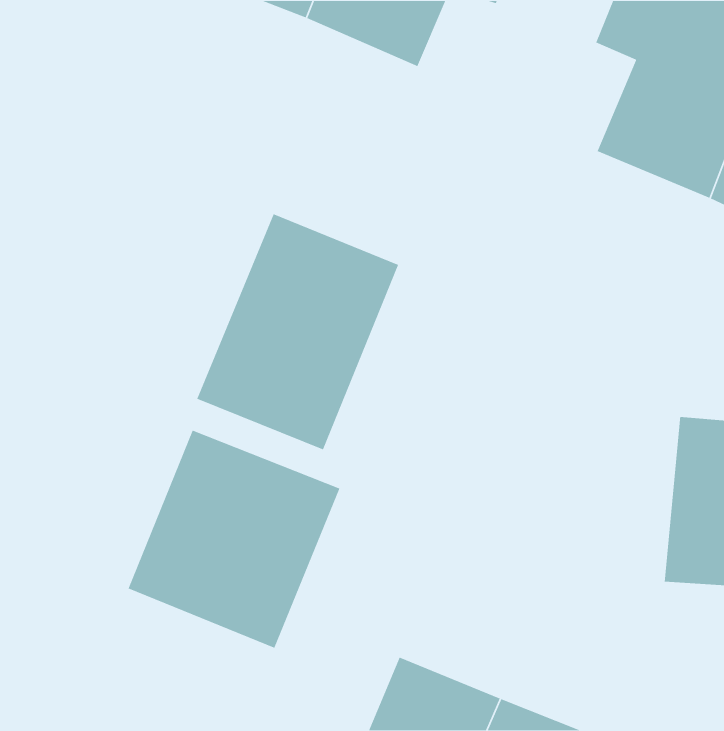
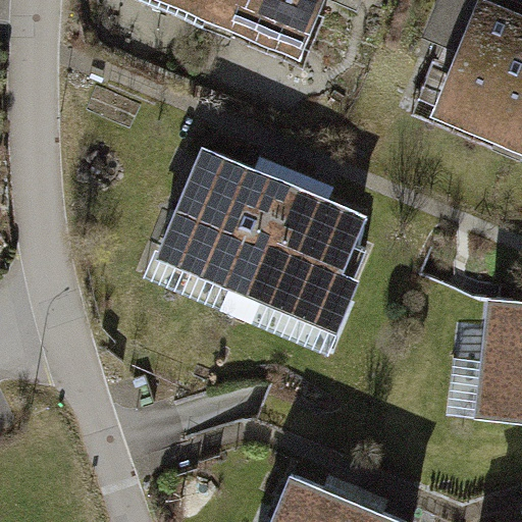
building: none -> [236,189,388,366]
building: [127,430,341,649] -> none

